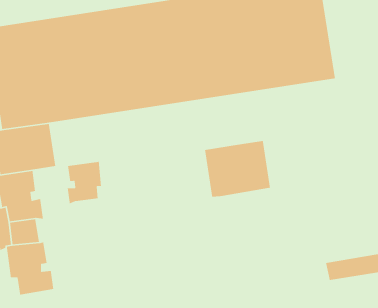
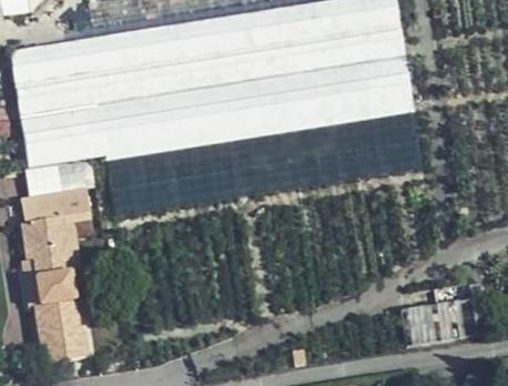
building: [204,140,271,198] -> none
building: [67,161,102,204] -> none

